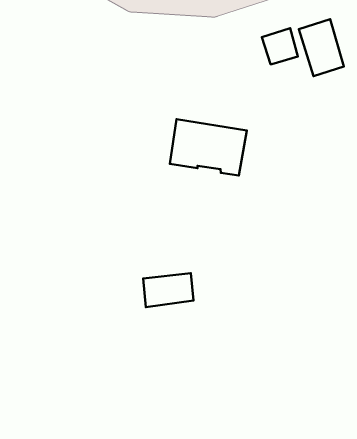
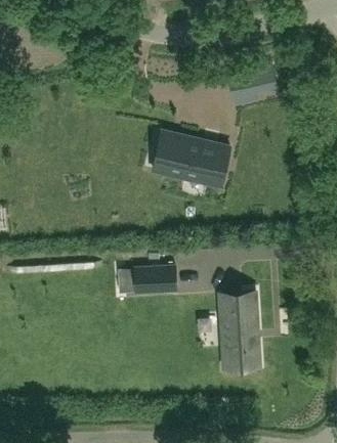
building: [299,19,344,76] -> none
building: none -> [219,293,256,368]

